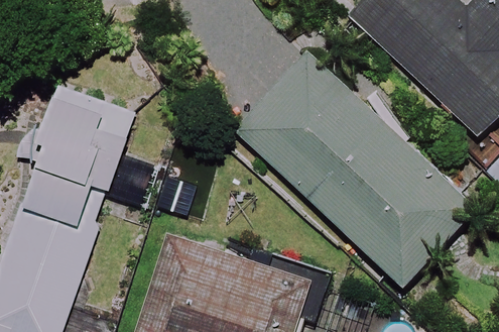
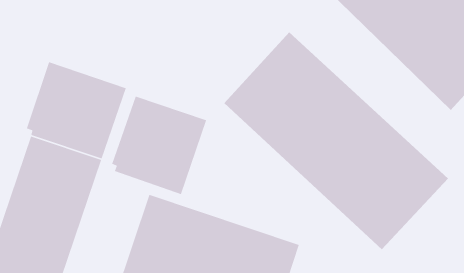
building: none -> [111,96,207,195]

